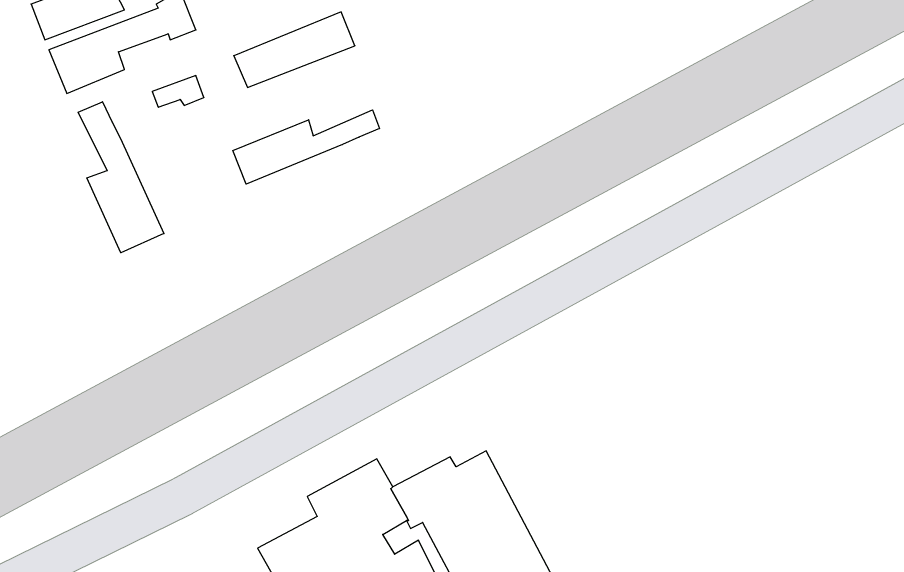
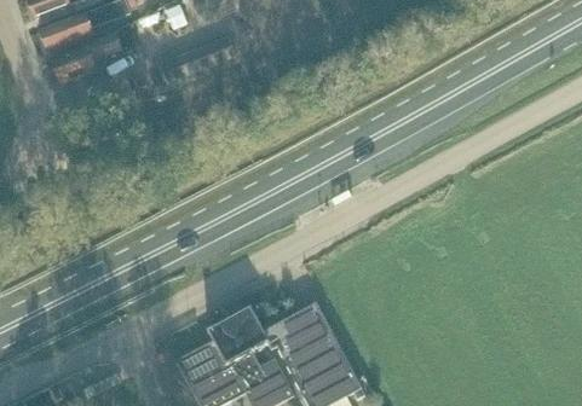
building: [78,102,164,253] -> none
building: [233,110,379,184] -> none

